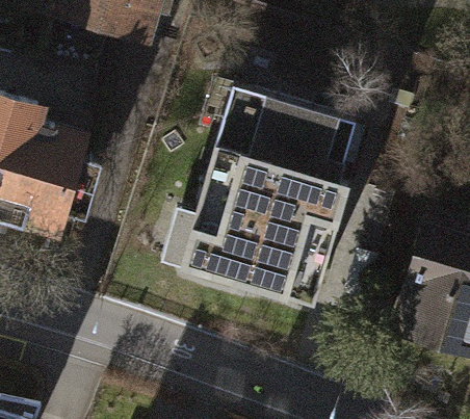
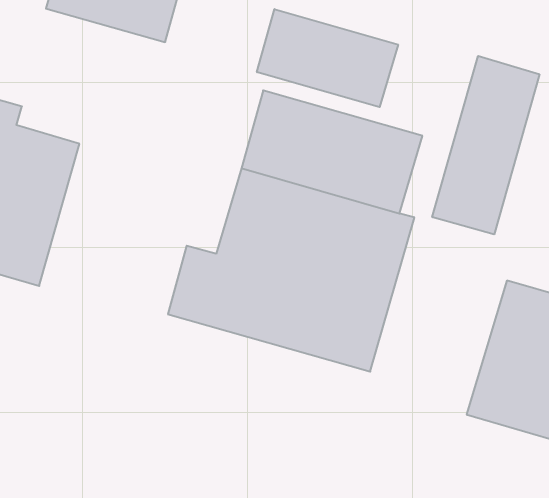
building: none -> [257,9,398,107]
building: none -> [432,56,539,234]

